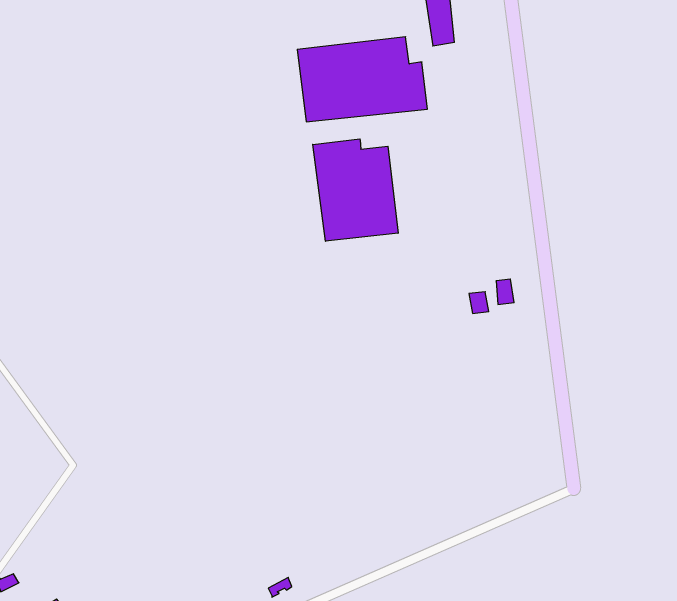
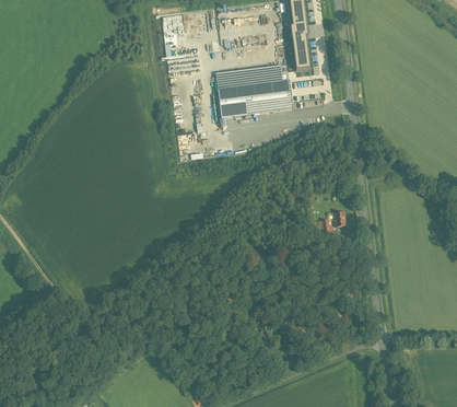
building: [313,139,398,241] -> none

